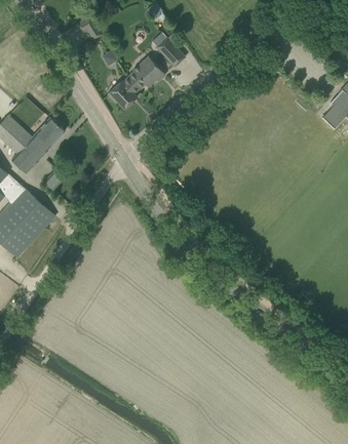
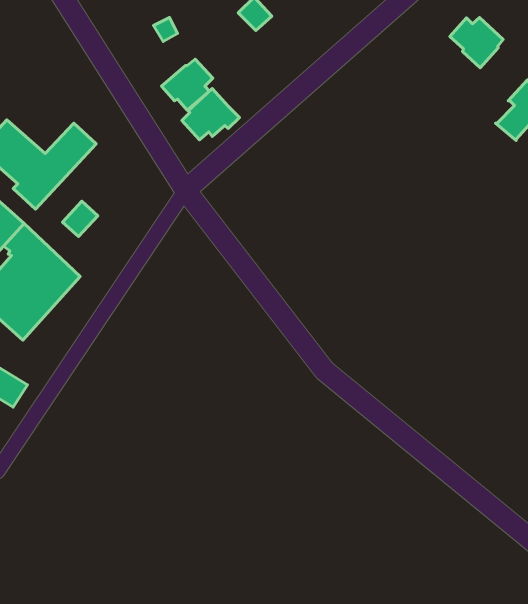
building: none -> [450,17,503,68]
building: [128,55,165,88] -> [182,89,239,140]

